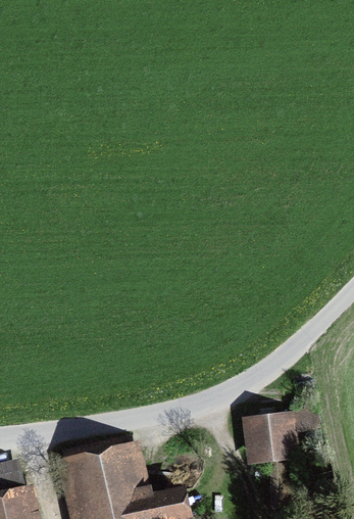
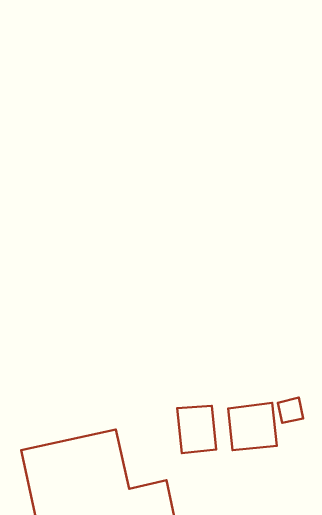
building: none -> [177,406,216,453]

